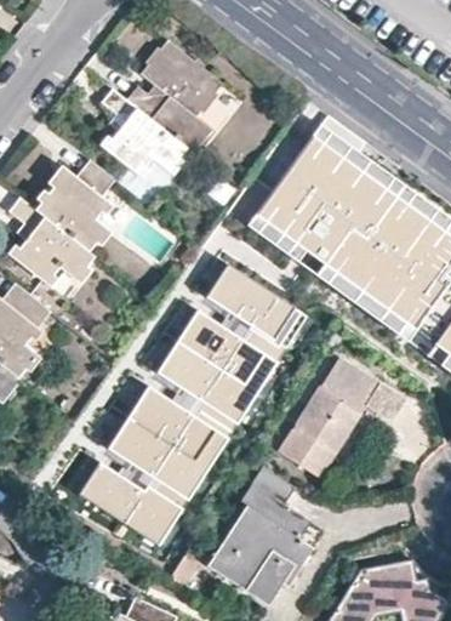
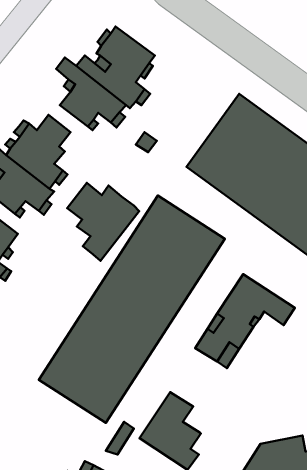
building: none -> [67,183,139,261]
building: [239,472,307,562] -> none

